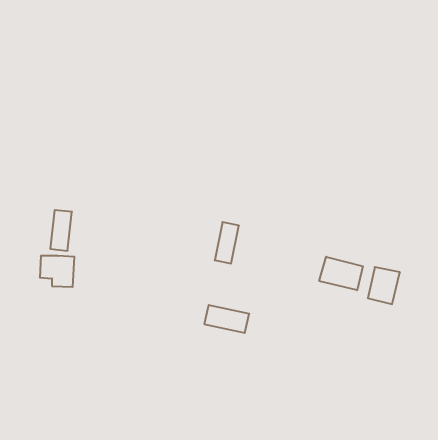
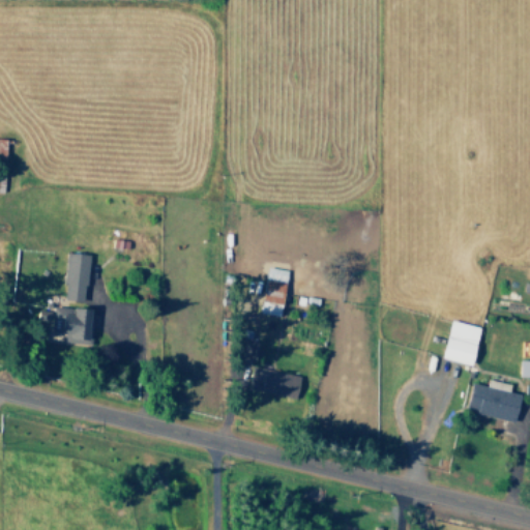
building: [319,257,363,290] -> none
building: none -> [468,381,523,421]

